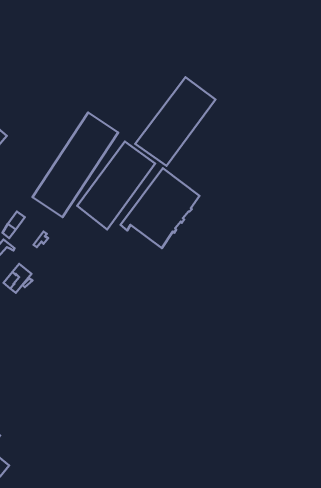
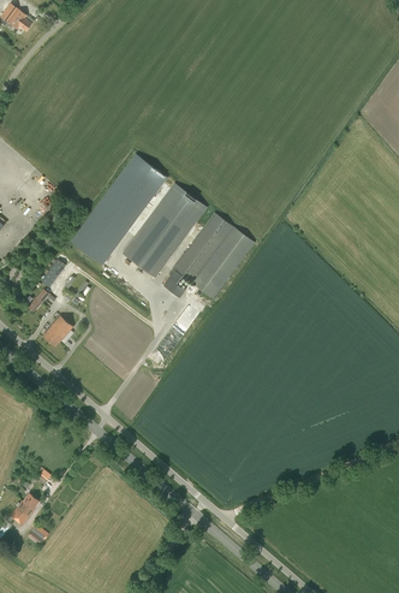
building: [135,77,216,166] -> none

